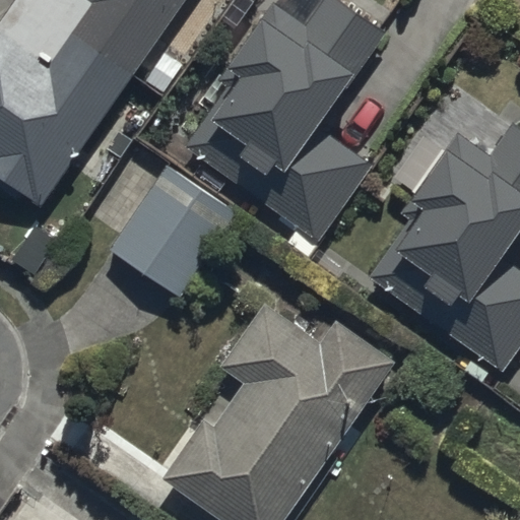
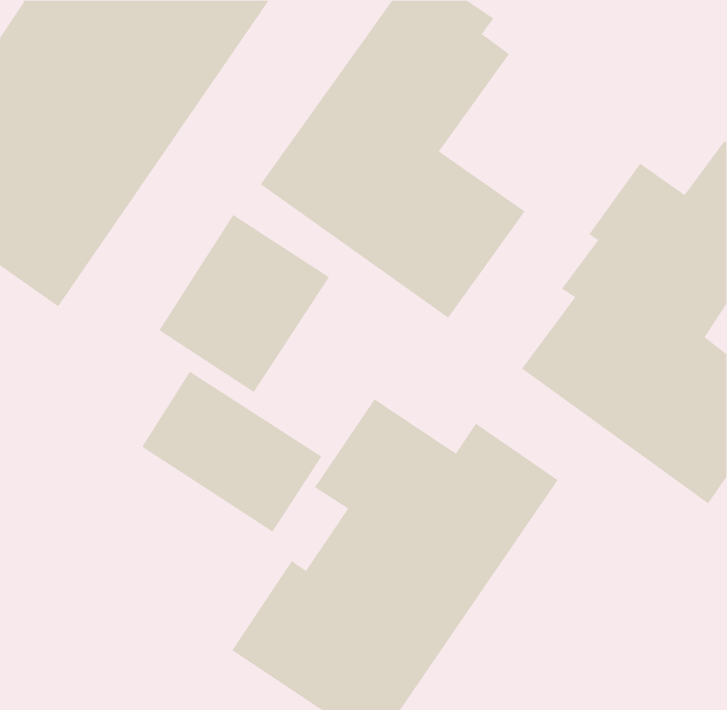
building: none -> [141,371,322,533]

